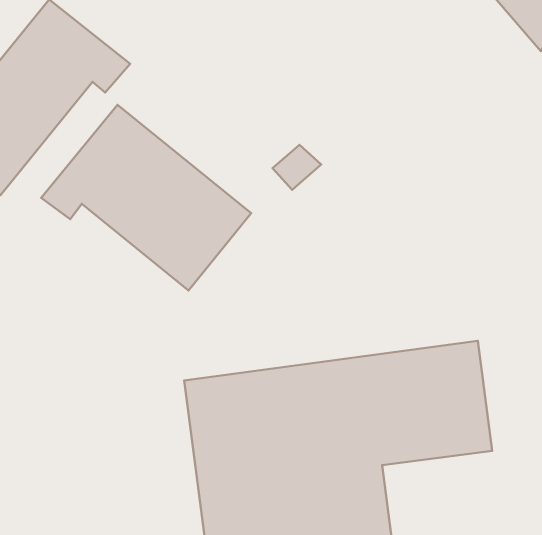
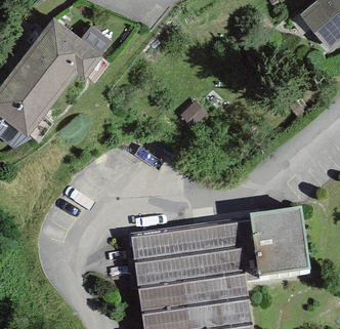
building: [41,105,251,290] -> none

